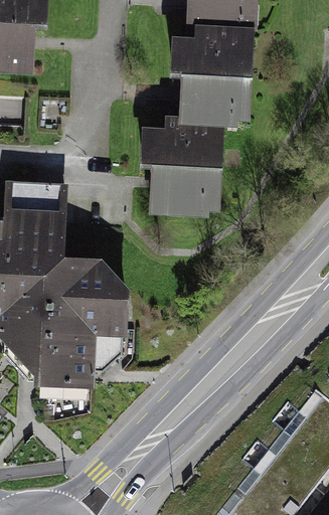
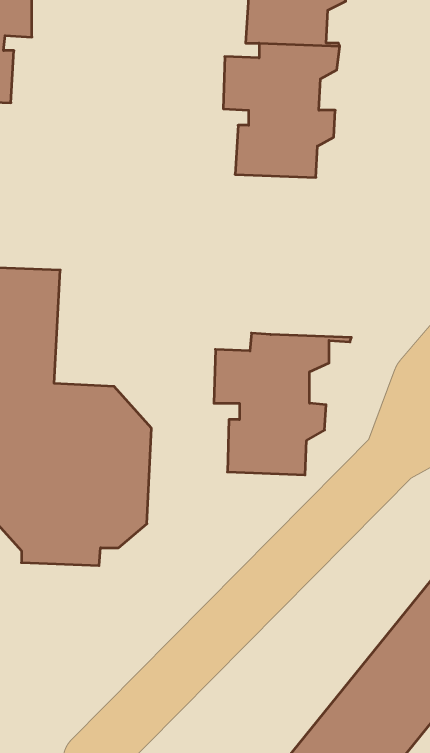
building: [143,120,235,215] -> [214,333,351,475]

